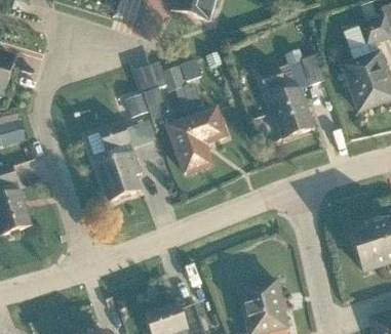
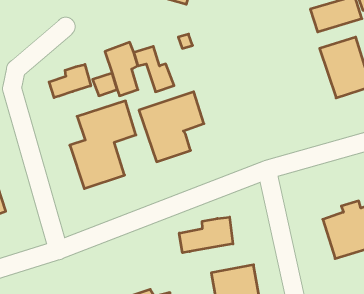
building: [259,36,322,141] -> none
building: none -> [49,64,91,98]
building: none -> [179,217,233,253]

